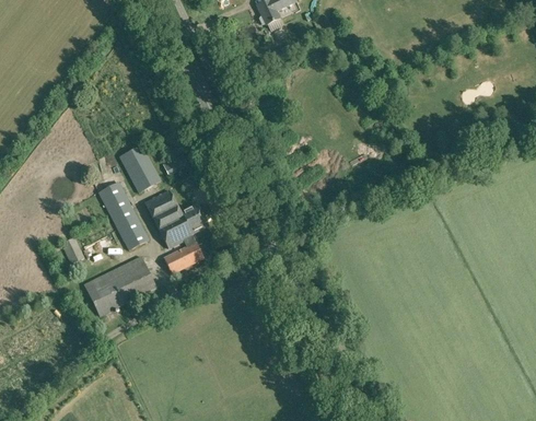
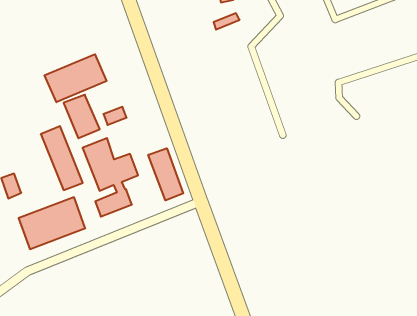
building: none -> [45,54,107,102]
building: none -> [148,148,183,200]

